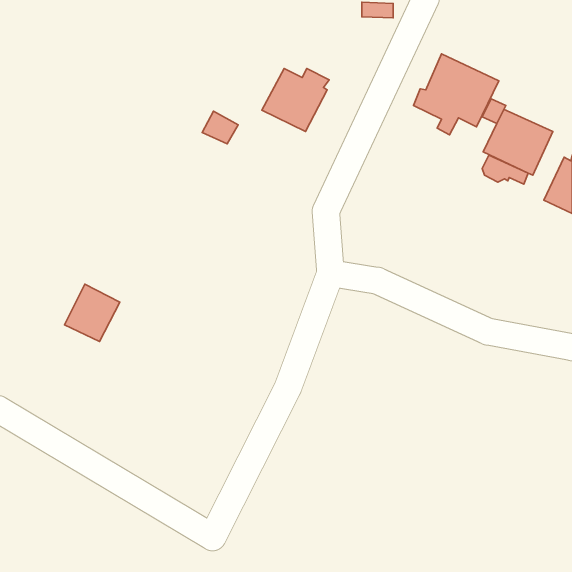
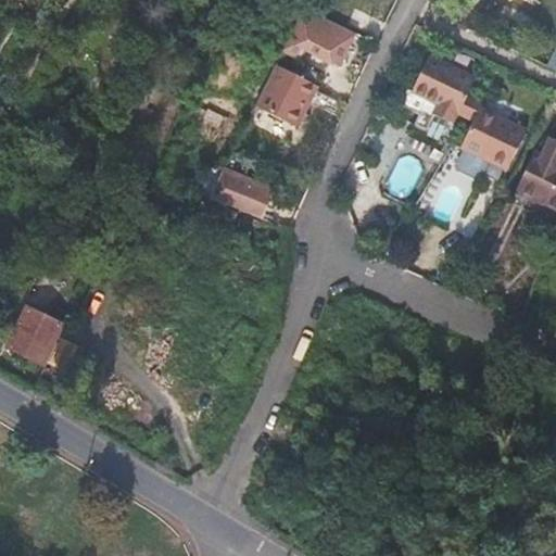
building: none -> [289,9,356,64]
building: none -> [207,172,268,217]
building: [65,284,120,342] -> [8,307,61,363]

